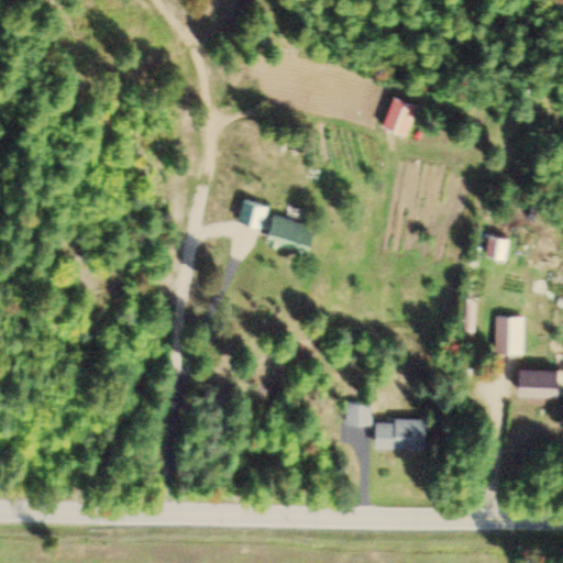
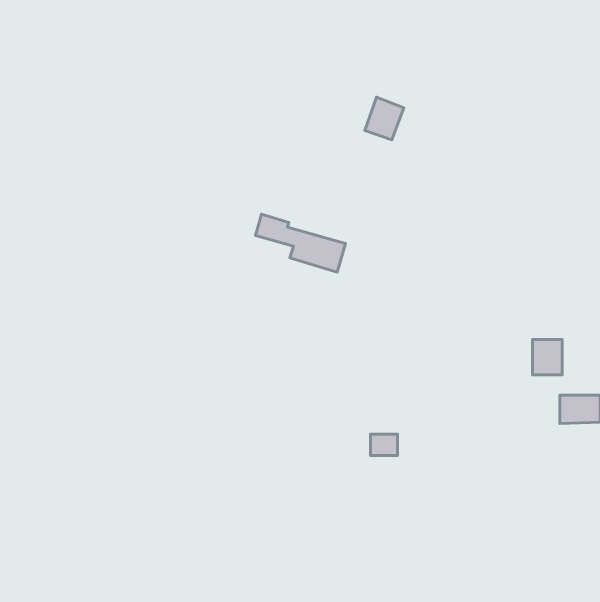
building: [382,96,418,135] -> [365,97,404,140]
building: [485,235,511,260] -> none
building: [377,421,426,450] -> none

